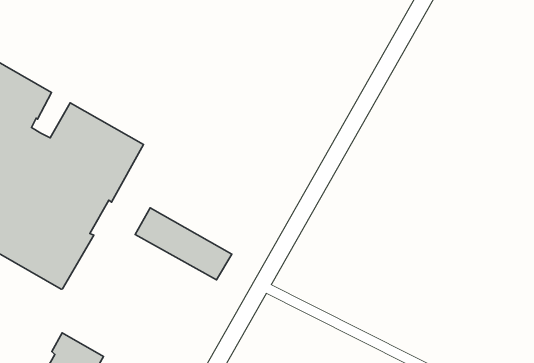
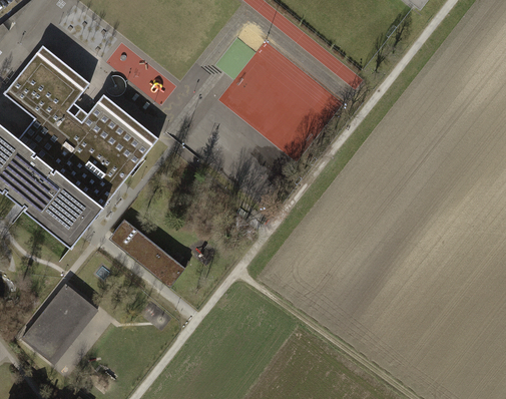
building: [135,208,232,280] -> [108,219,185,287]

